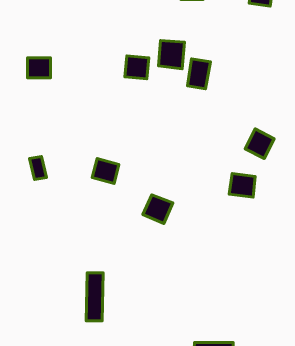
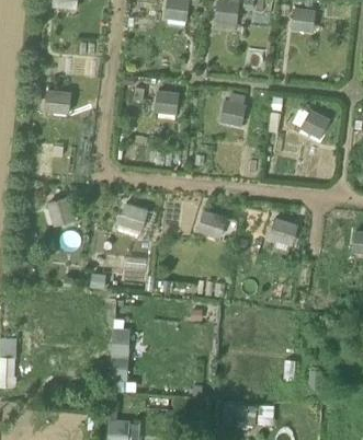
building: [158,40,185,69] -> none
building: [245,129,274,159] -> [298,107,330,140]
building: [143,195,173,224] -> [194,209,227,241]

